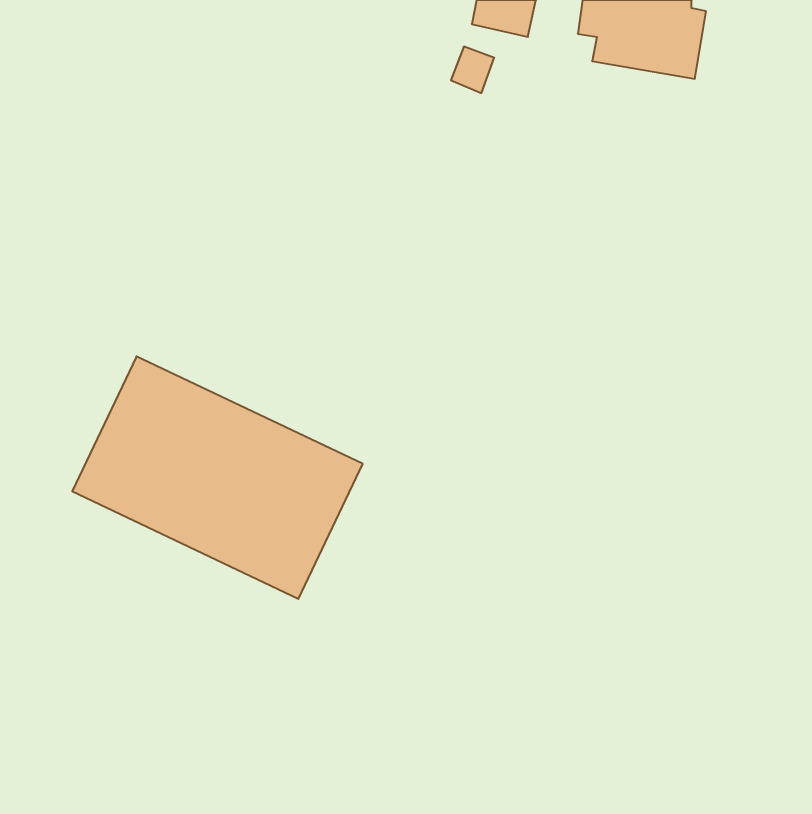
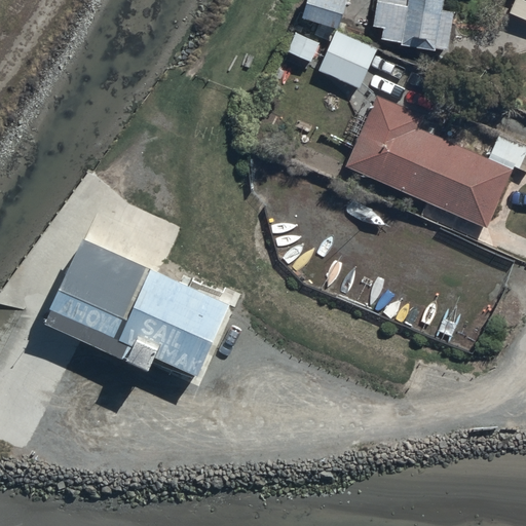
building: none -> [314,30,373,86]
building: none -> [345,98,508,225]

